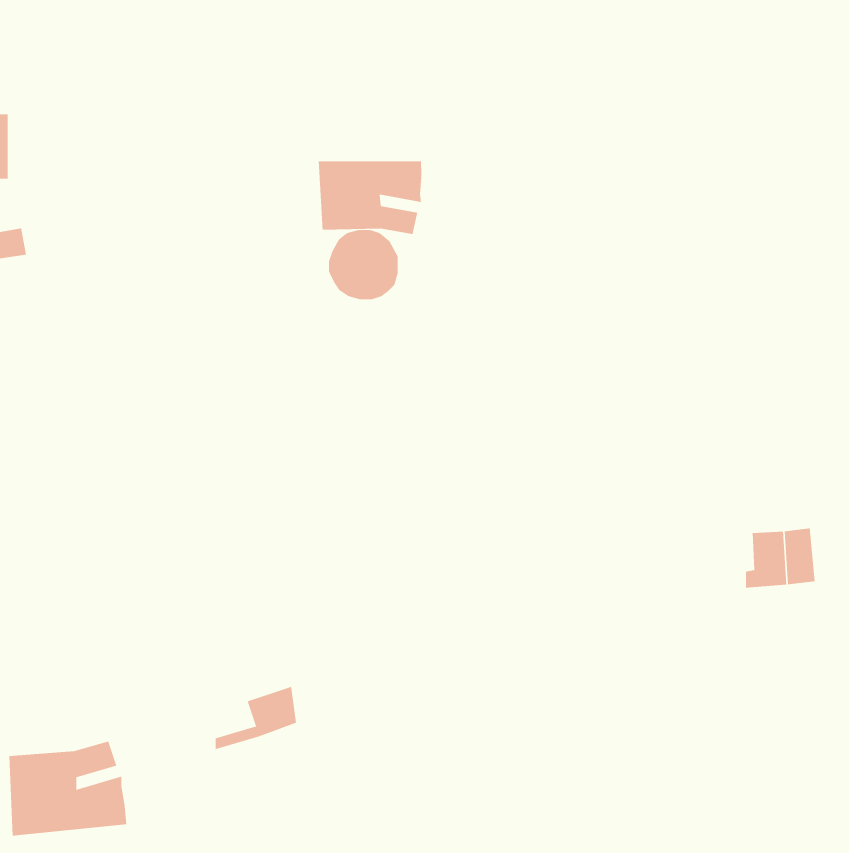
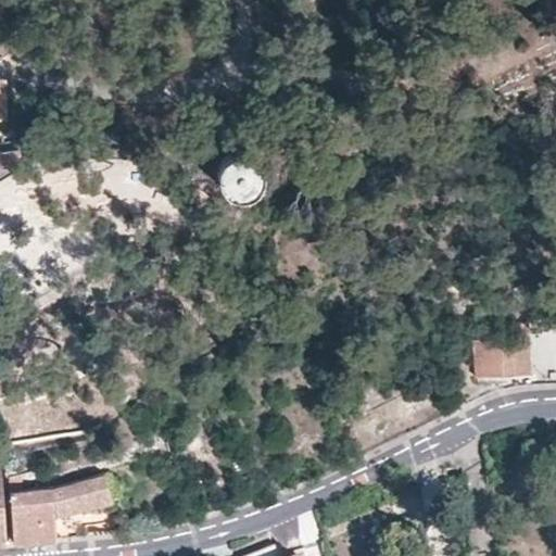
building: [318,160,422,235] -> none
building: [215,686,297,750] -> [50,472,103,514]

